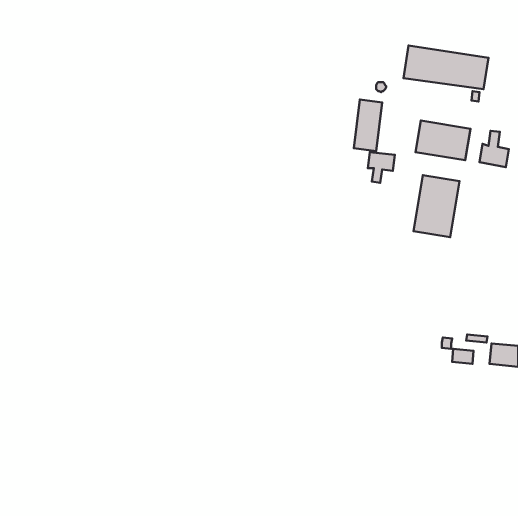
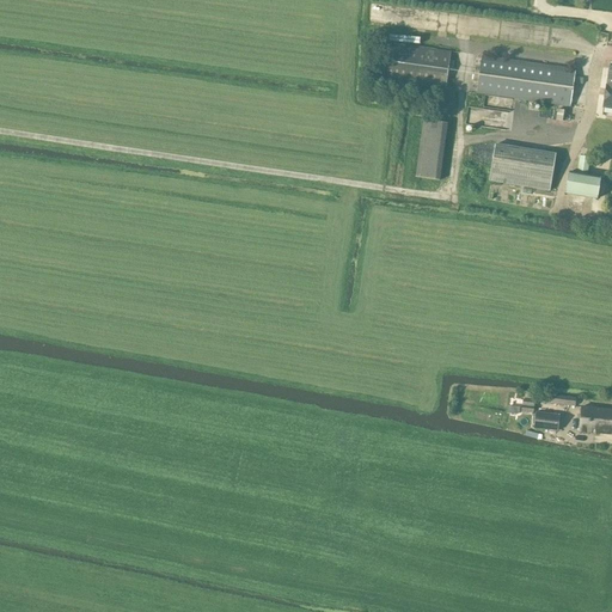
building: none -> [382,41,451,87]
building: [368,152,395,183] -> none
building: [414,175,459,237] -> none

